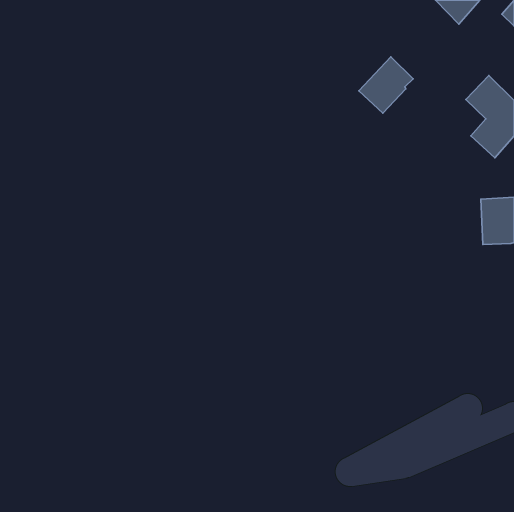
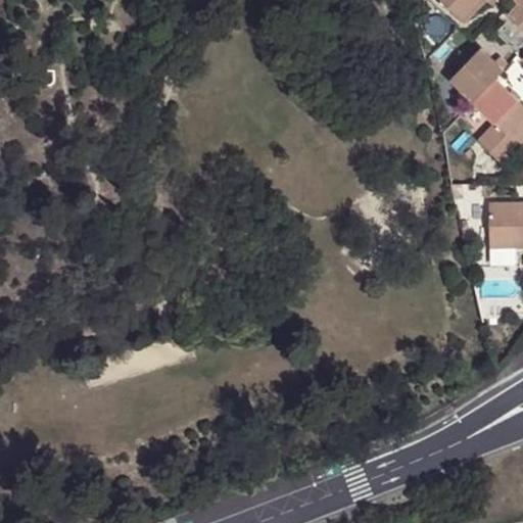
building: [359,57,413,113] -> [448,46,504,103]

